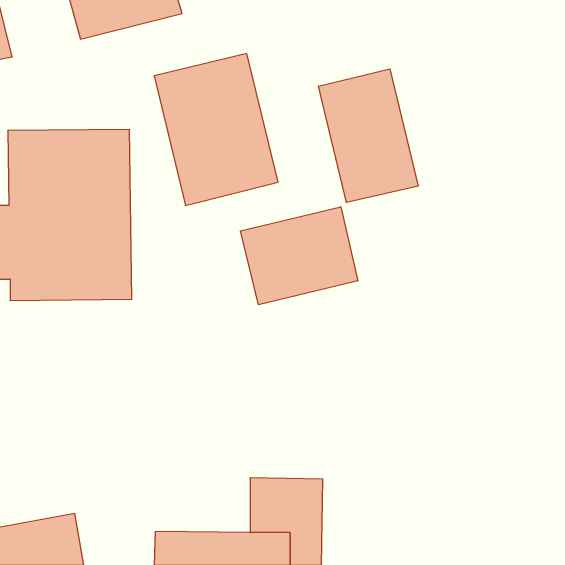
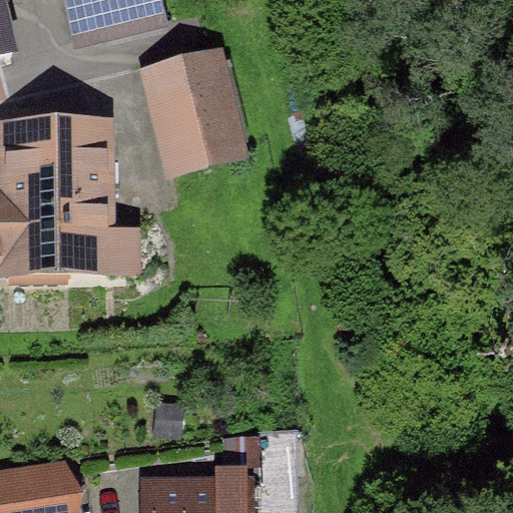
building: [319,69,418,203] -> none
building: [241,207,358,305] -> none

